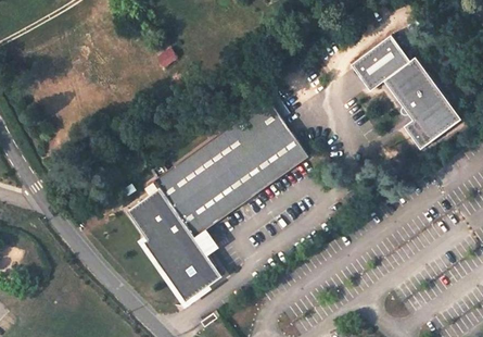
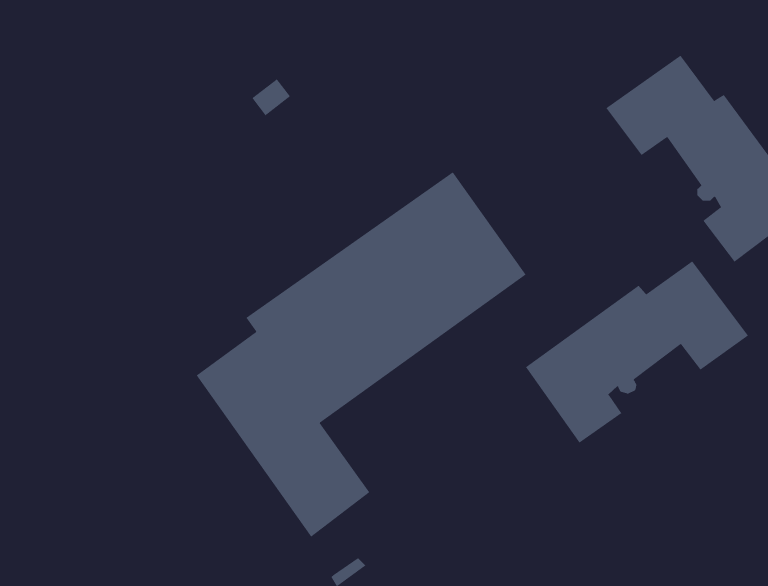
building: none -> [525,260,749,444]

